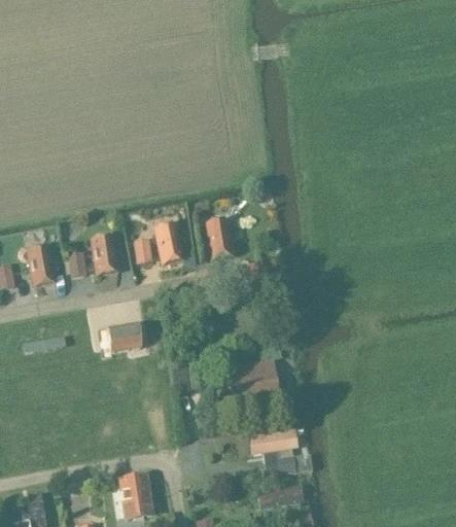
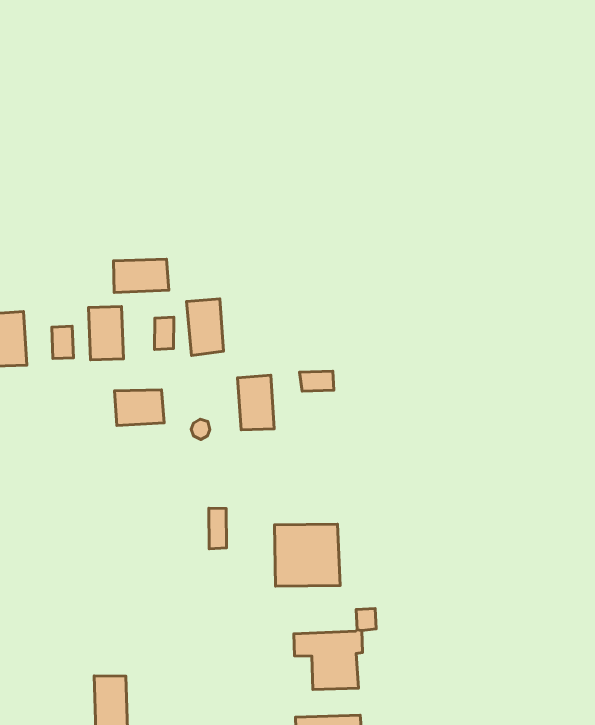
building: none -> [113,259,169,292]
building: [206,219,234,257] -> [238,375,274,430]
building: [108,324,143,351] -> [114,390,164,426]

